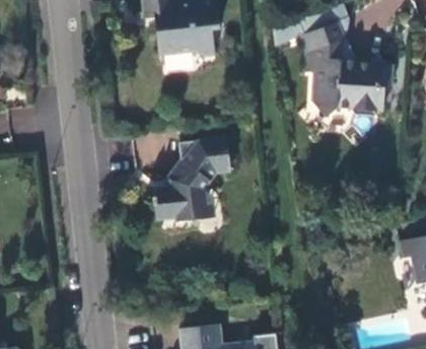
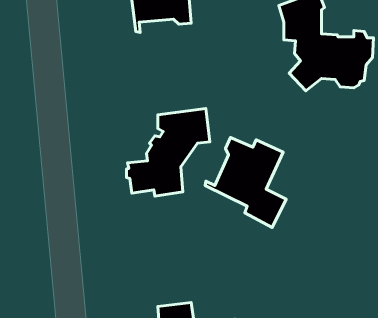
building: none -> [205,137,286,228]

